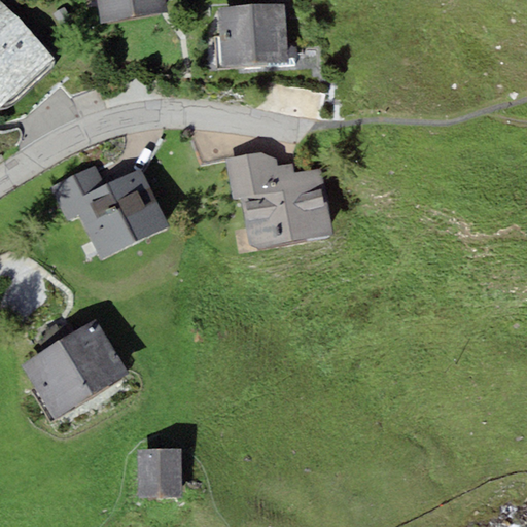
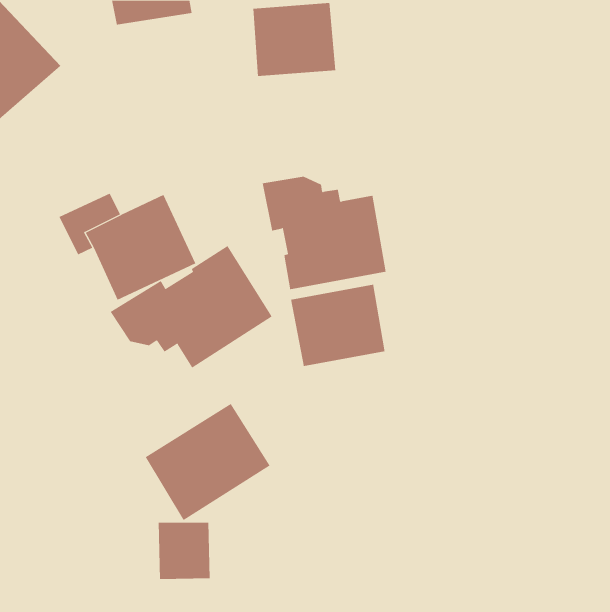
building: none -> [110,245,272,368]
building: none -> [291,284,385,367]
building: [21,318,129,419] -> [145,403,271,521]

